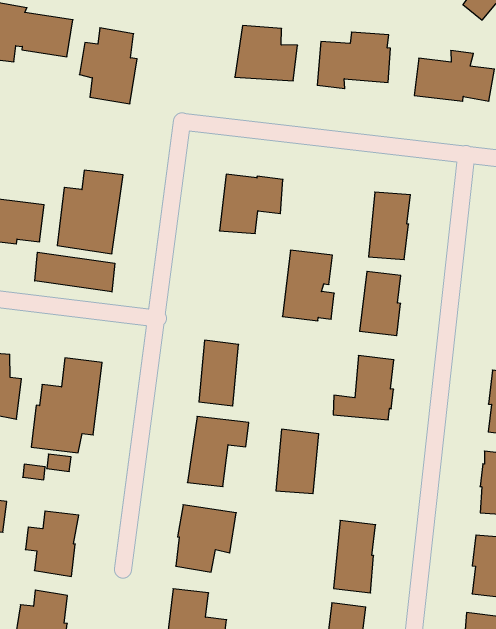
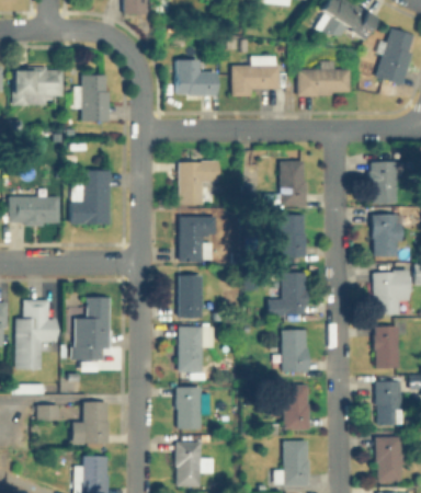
building: [282,250,334,321] -> [179,217,212,262]
building: [35,252,115,292] -> none
building: [276,429,319,494] -> [281,330,307,371]

